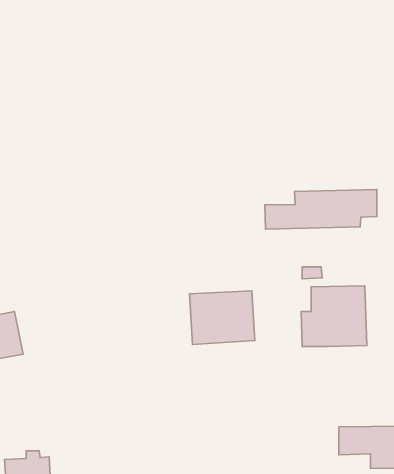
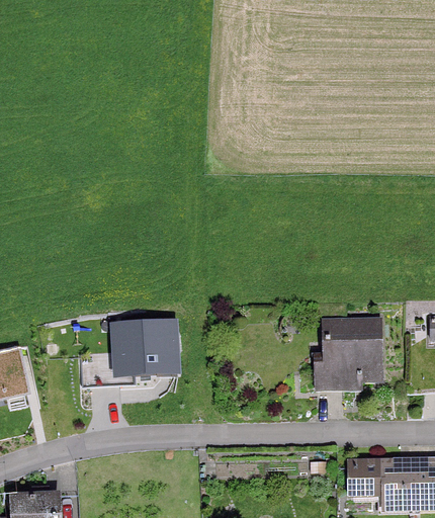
building: [265,190,377,229] -> none
building: [189,291,255,344] -> [112,319,179,373]

